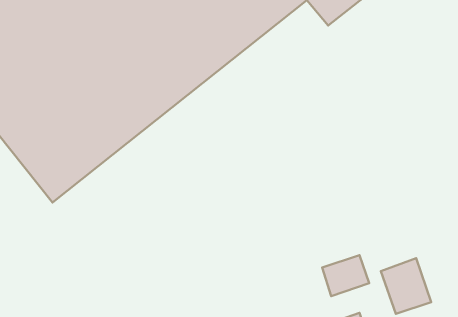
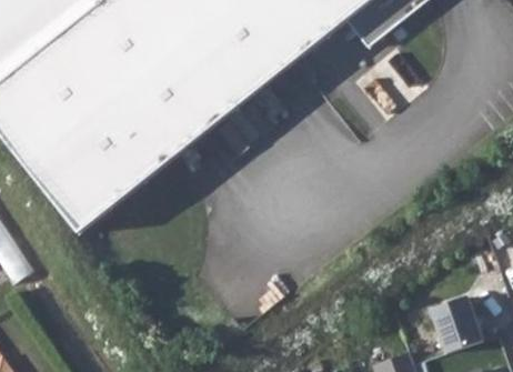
building: [322,255,369,296] -> none

